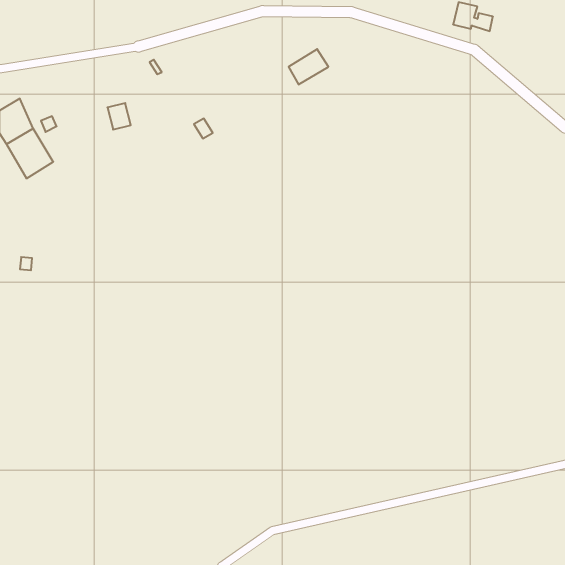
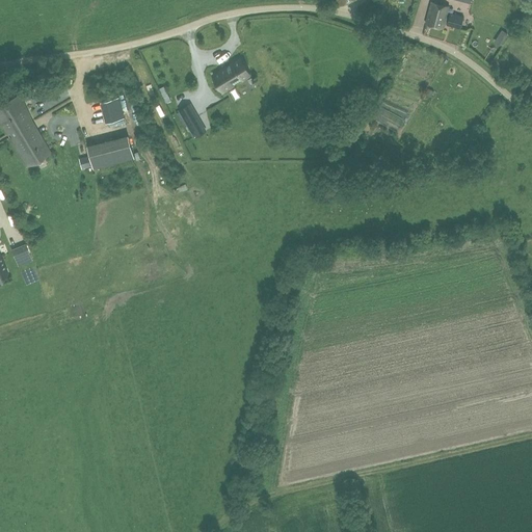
building: [289,49,328,84] -> [212,59,249,92]
building: none -> [88,139,133,169]

